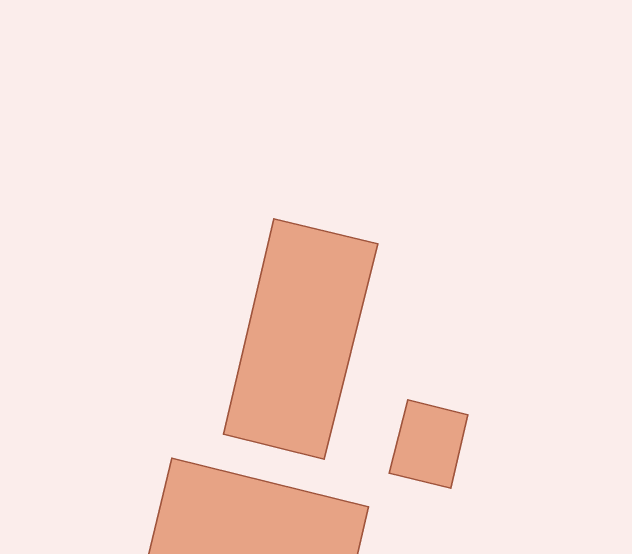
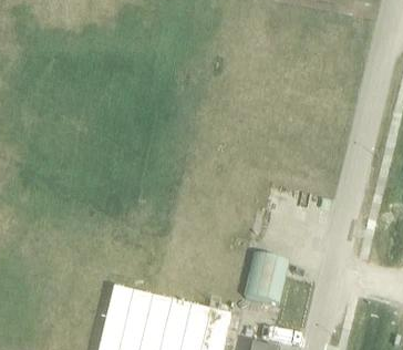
building: [224,219,378,459] -> none

